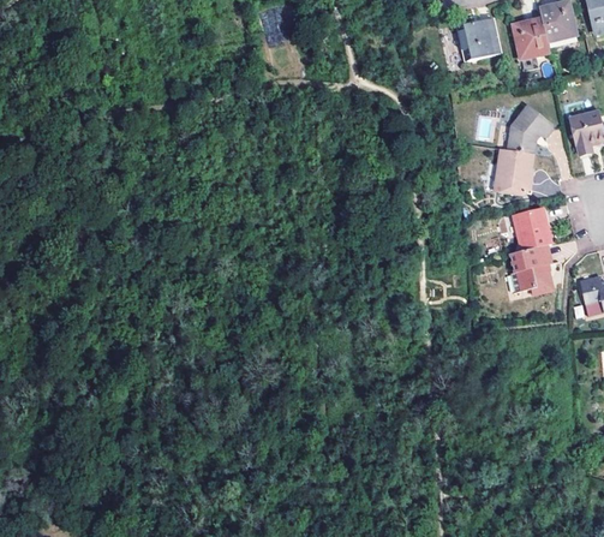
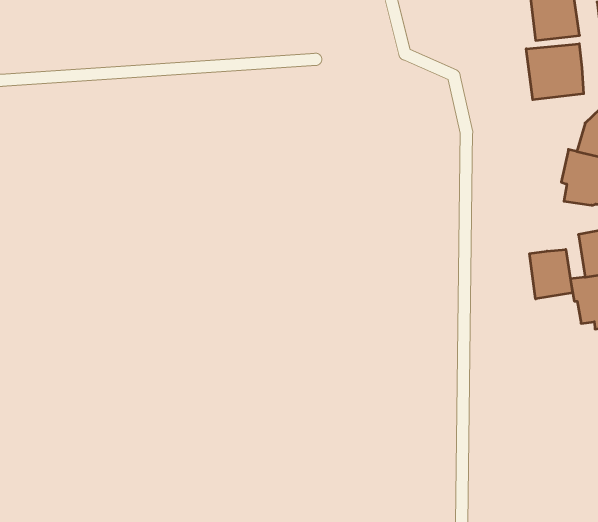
building: none -> [526,44,584,100]
building: none -> [530,249,572,299]

